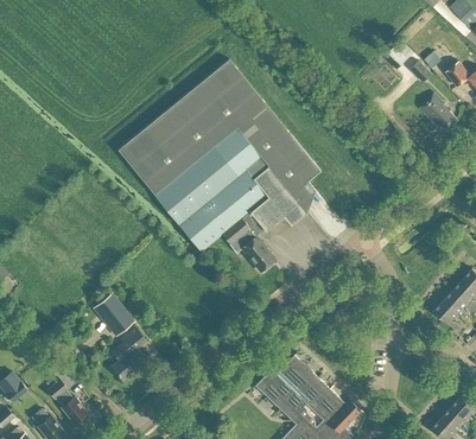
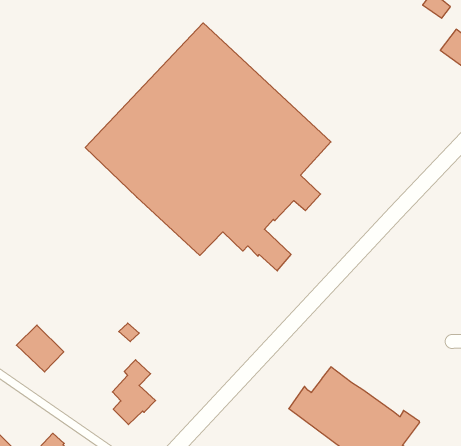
building: [96,295,134,335] -> [16,325,64,372]

